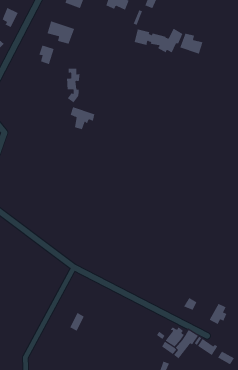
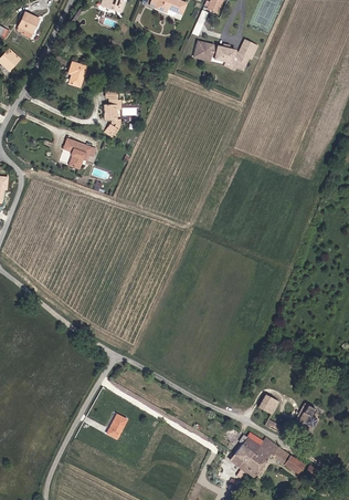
building: [47,20,75,44] -> none
building: [180,33,203,54] -> none
building: [70,106,95,130] -> [63,138,96,169]

